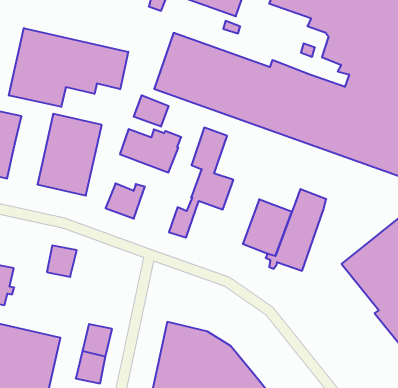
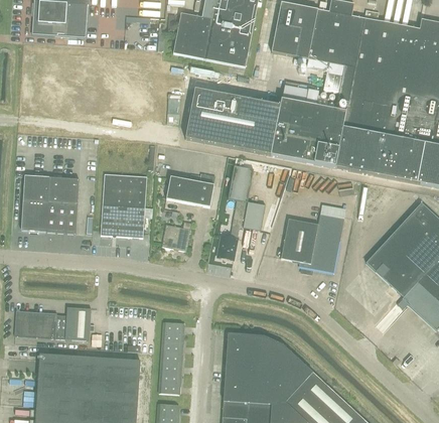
building: [9,28,128,107] -> none
building: [134,95,169,127] -> none
building: [47,245,77,277] -> [162,321,184,345]

